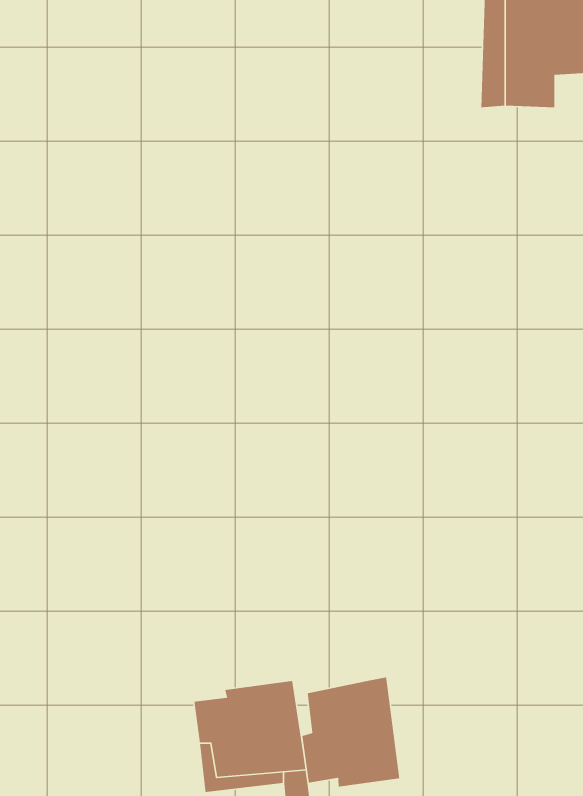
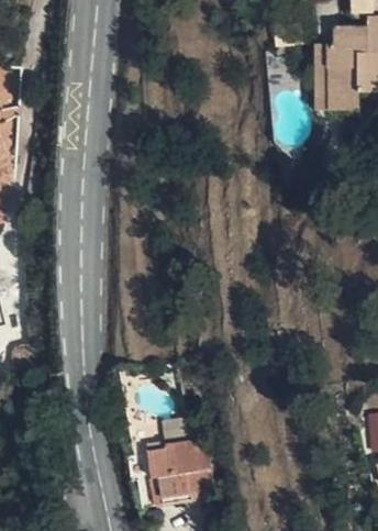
building: [302,676,400,788] -> none

